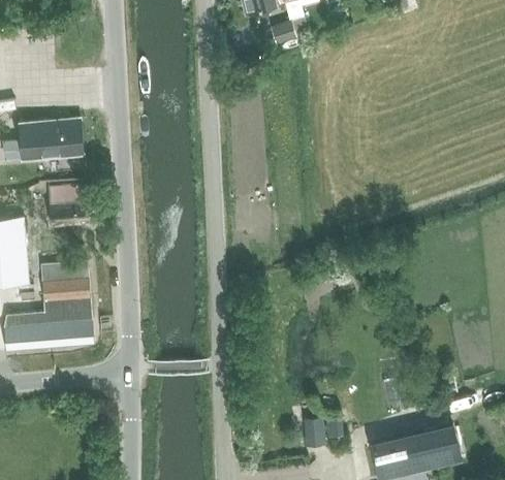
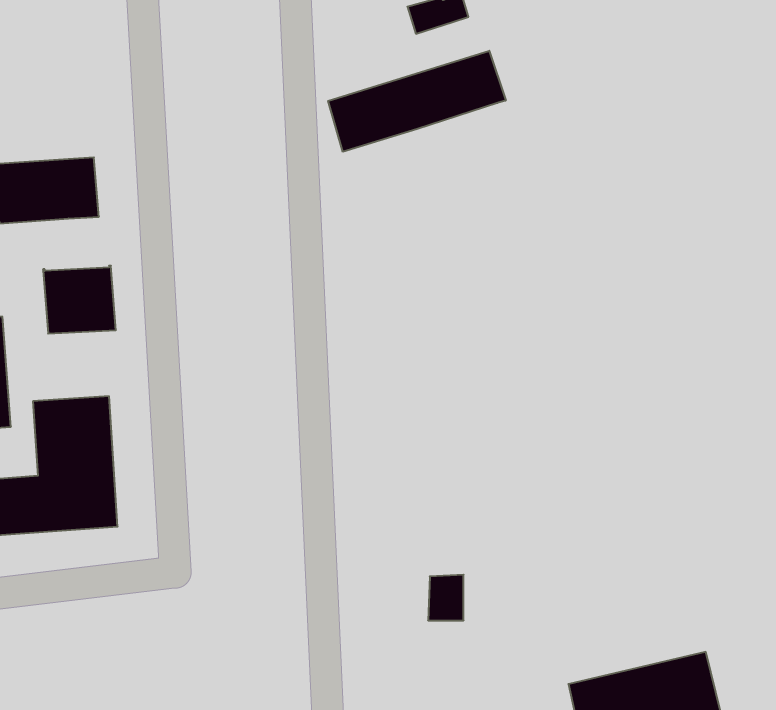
building: none -> [328,51,506,152]
building: [302,418,323,446] -> [428,575,464,620]

